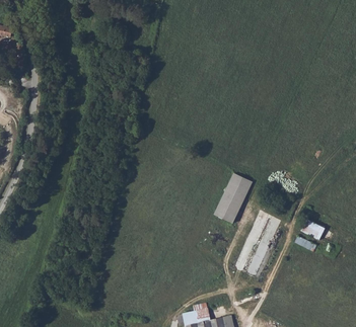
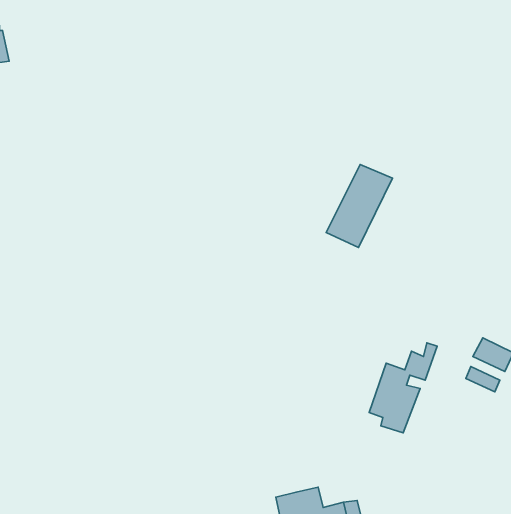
building: [212,174,252,224] -> [326,164,393,248]

